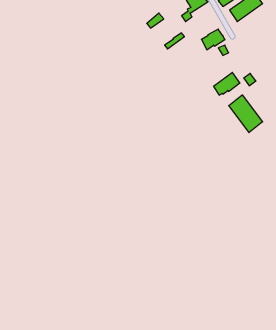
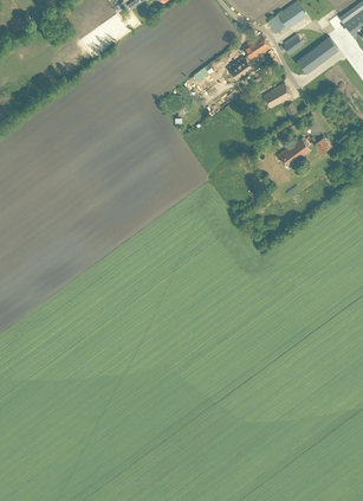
building: [229,95,263,133] -> none

